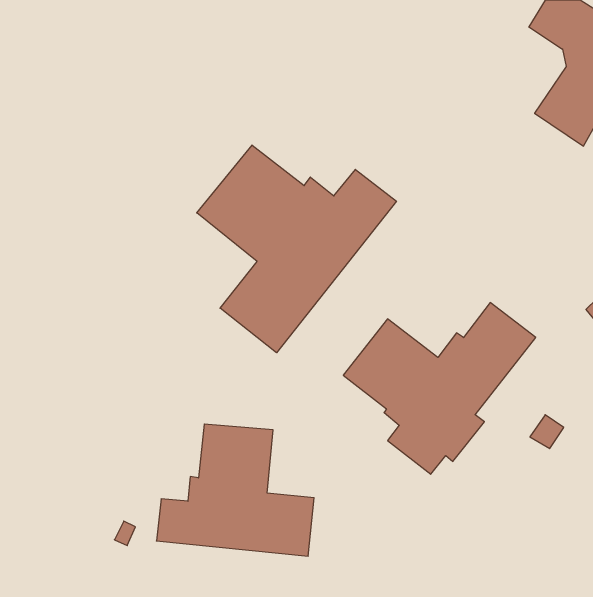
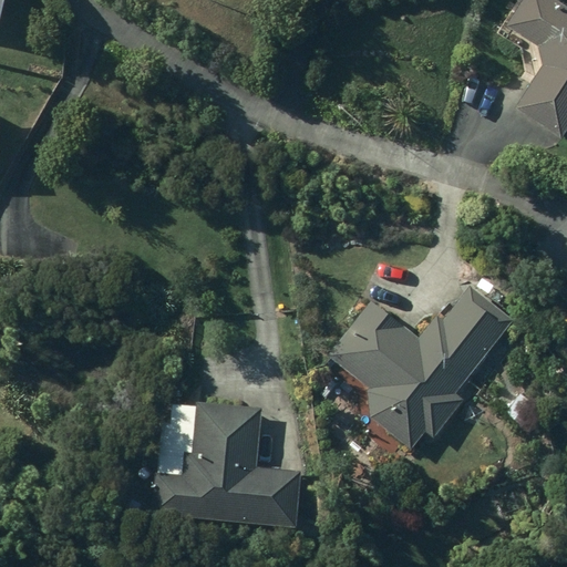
building: [197,145,396,353] -> none

